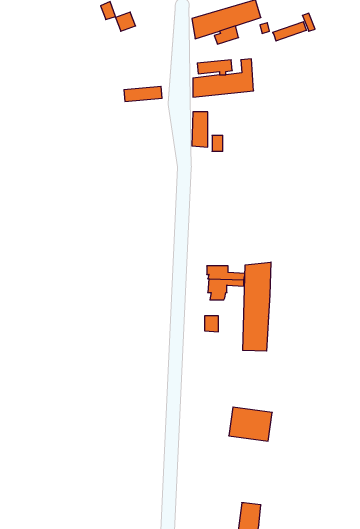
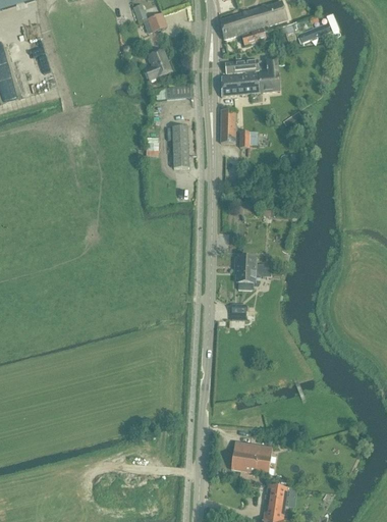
building: none -> [147,49,171,79]
building: none -> [172,125,188,167]
building: [243,262,271,351] -> none
building: [229,407,272,441] -> [231,441,273,474]

